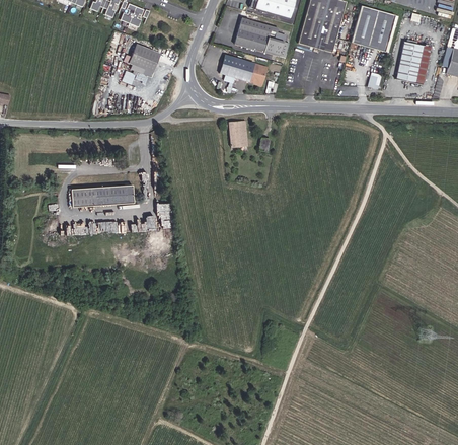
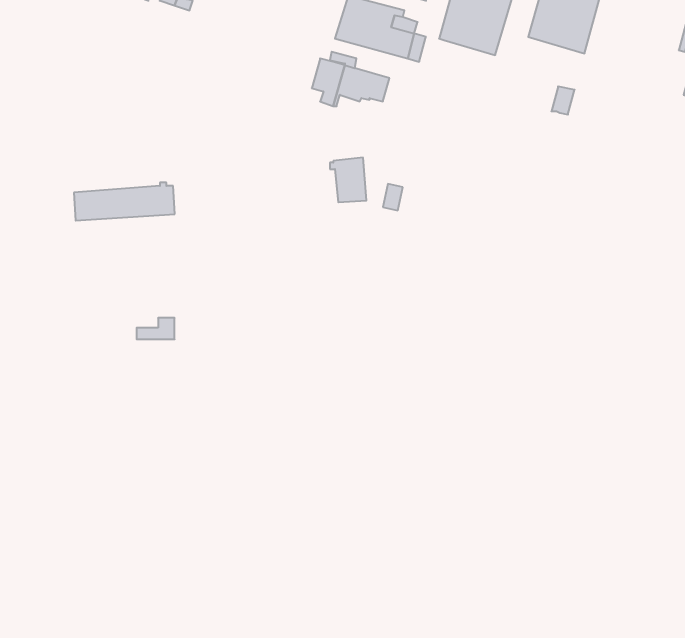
building: [397,44,430,85] -> none
building: [123,46,159,77] -> none
building: [75,180,137,204] -> [74,183,175,221]

